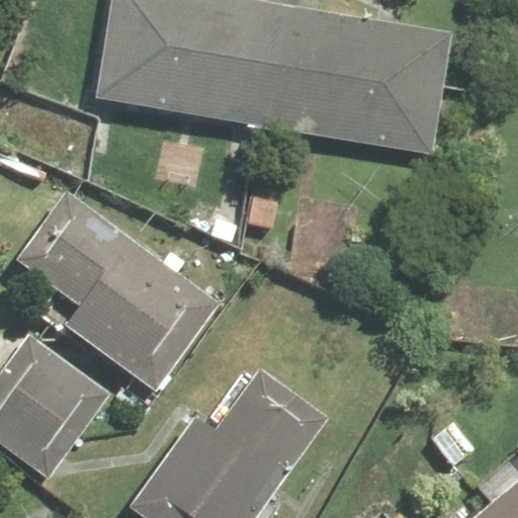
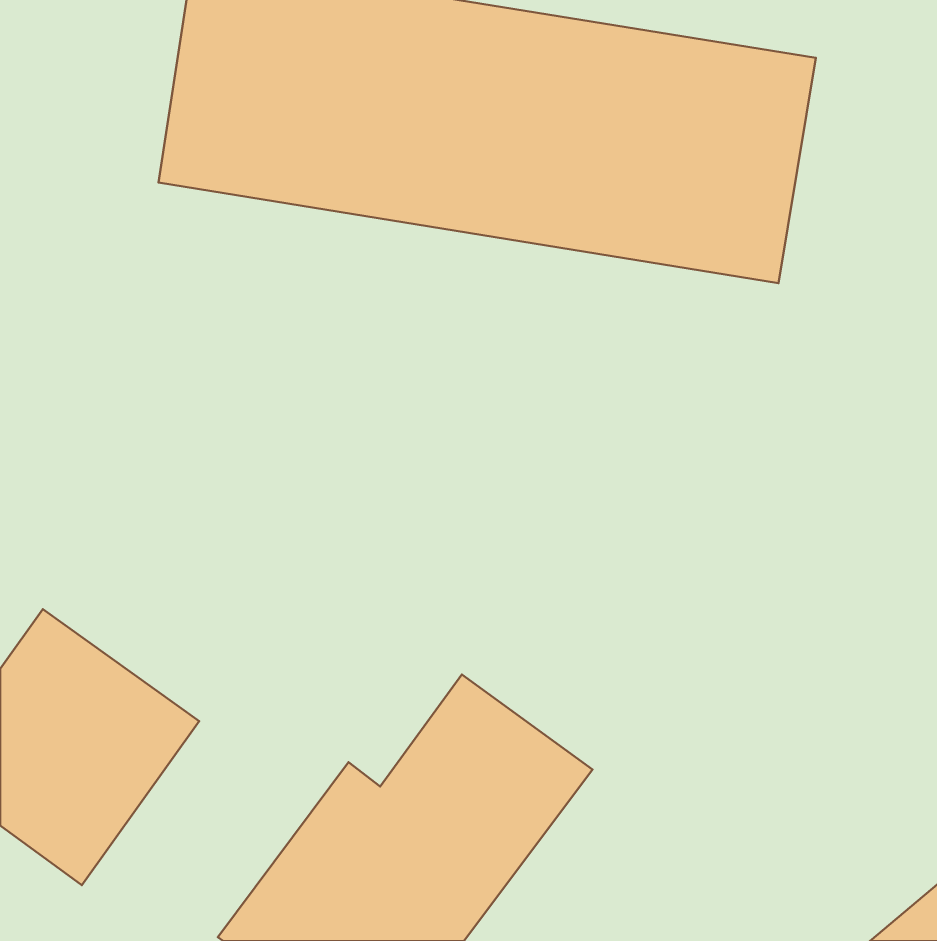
building: [13,193,221,395] -> none

